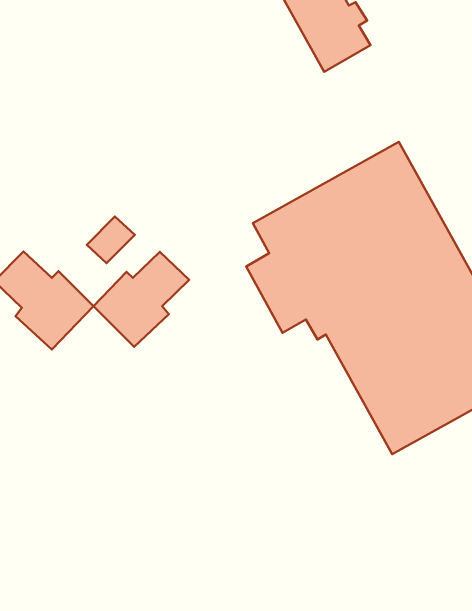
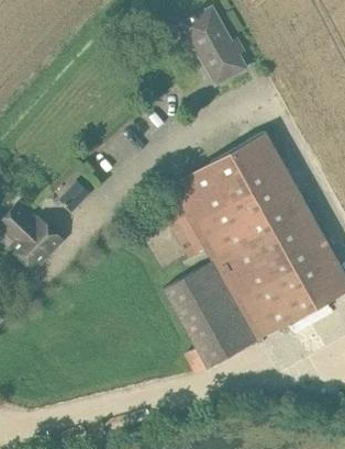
building: [93,252,189,347] -> none
building: none -> [165,259,261,373]

